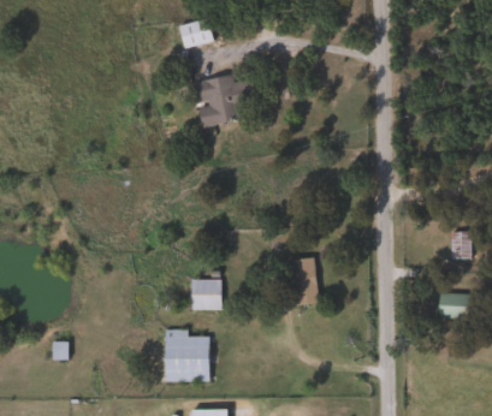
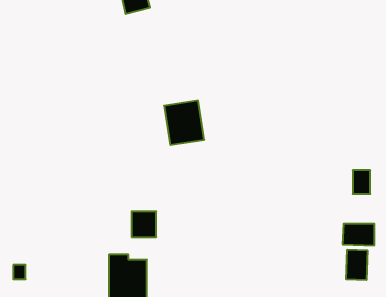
building: [195,75,242,126] -> [164,101,204,145]
building: [295,257,315,303] -> none
building: none -> [346,250,367,280]

